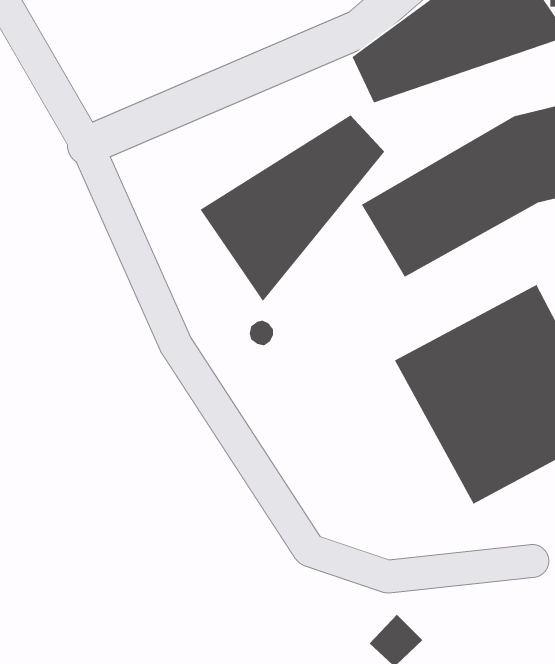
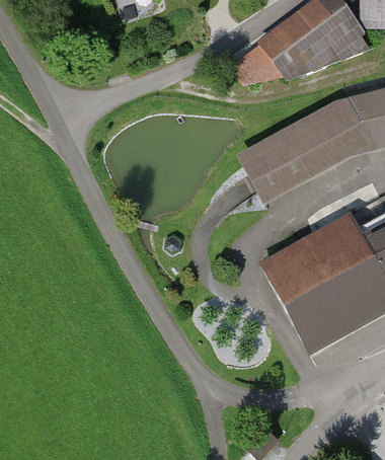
building: [200,115,385,302] -> none

